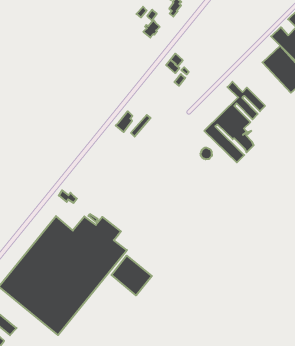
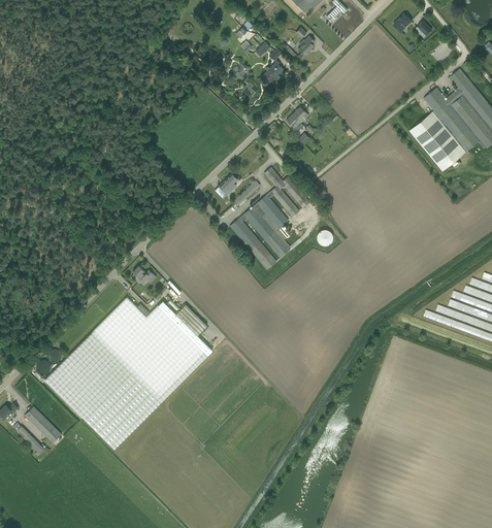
building: [204,82,265,162] -> [229,166,309,269]
building: [111,256,152,295] -> none

